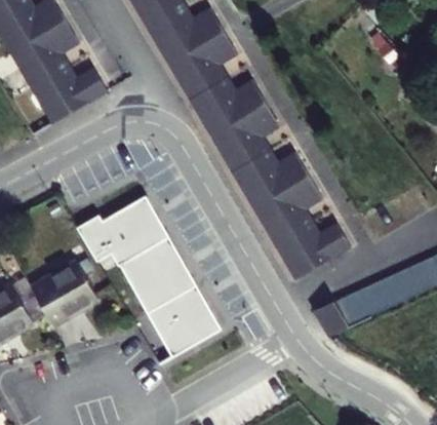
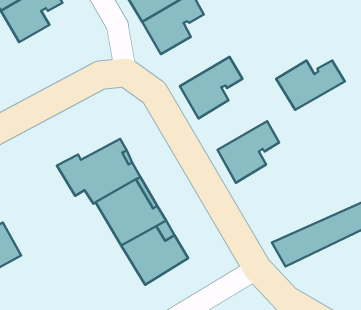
building: [31,66,108,122] -> none
building: [189,79,266,136] -> none
building: [231,151,308,206] -> [276,60,345,110]
building: [273,222,350,278] -> none
building: [31,263,98,326] -> none

